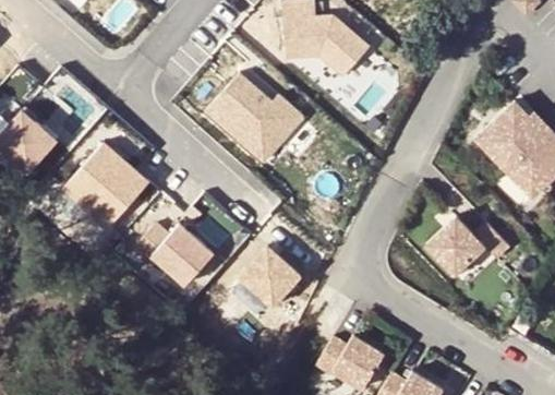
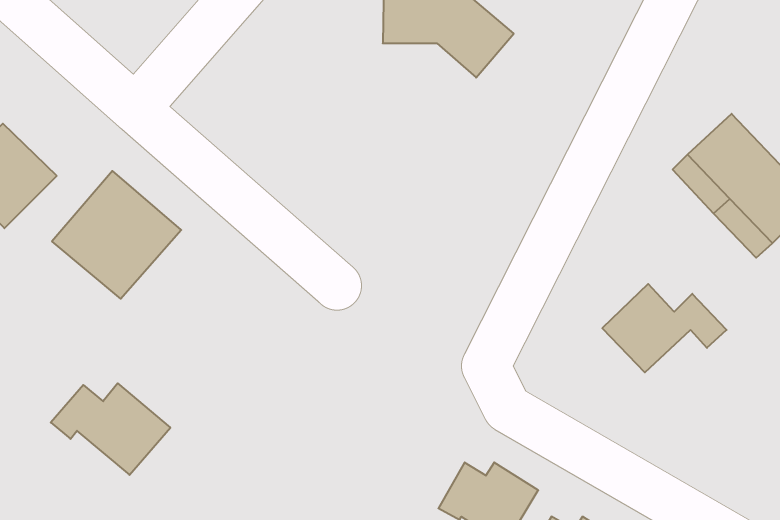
building: [207,71,304,160] -> none
building: [134,222,214,283] -> [51,383,170,475]
building: [242,246,309,312] -> none

